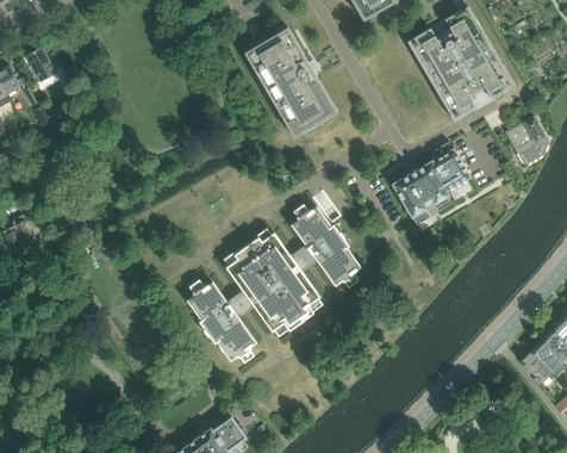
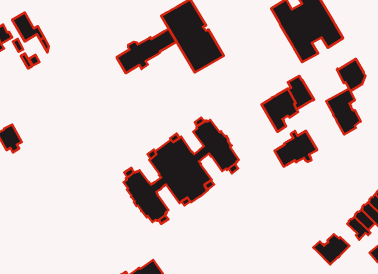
building: none -> [117,29,176,73]
building: none -> [326,89,361,135]
building: none -> [274,131,317,167]
building: none -> [313,234,349,265]

